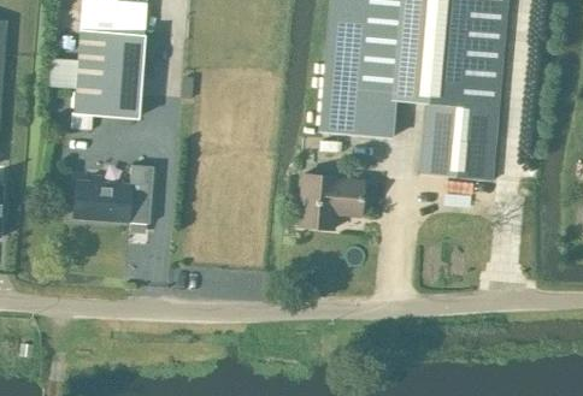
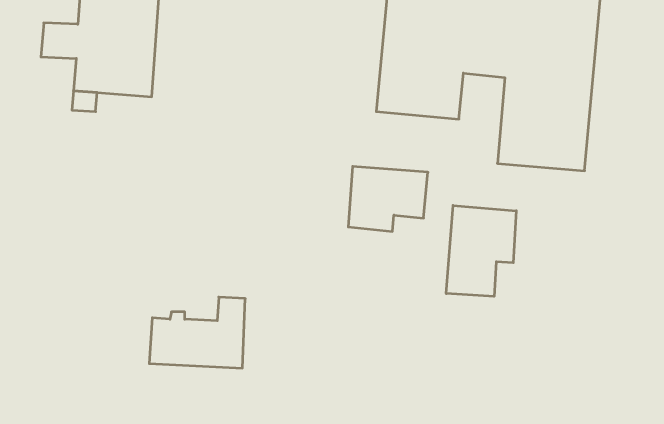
building: [75,164,153,221] -> [149,297,245,368]
building: none -> [446,205,516,296]

